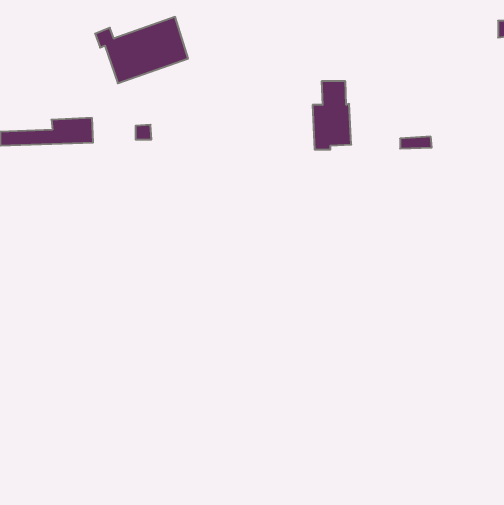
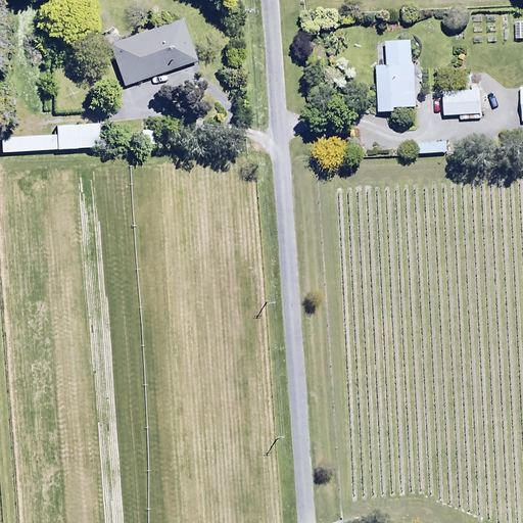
building: [313,81,351,150] -> [376,41,416,111]
building: none -> [443,90,481,120]

